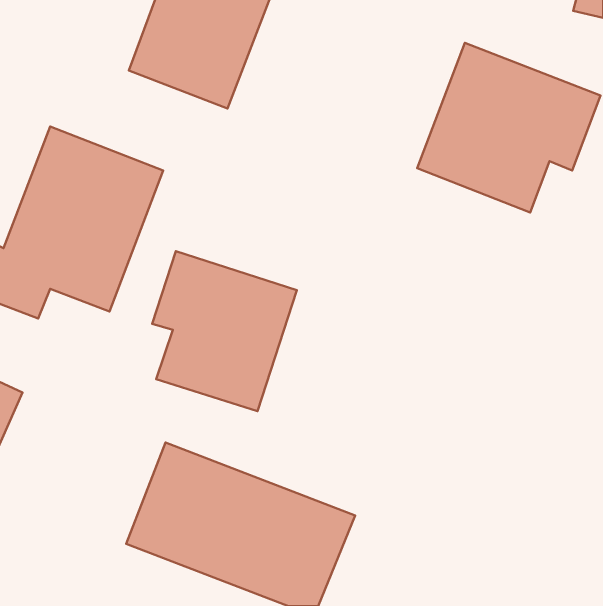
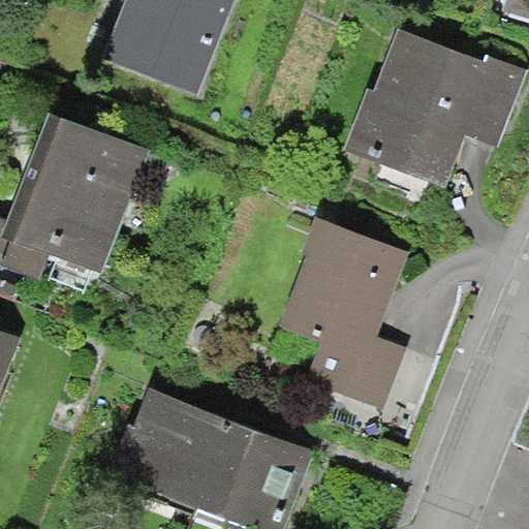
building: [152,251,297,411] -> none
building: none -> [288,229,406,408]

